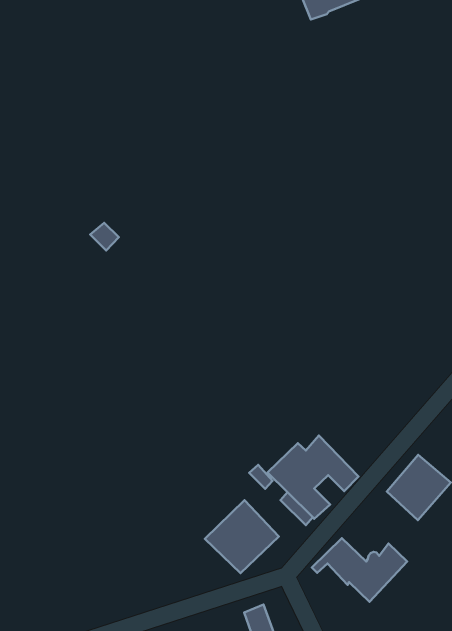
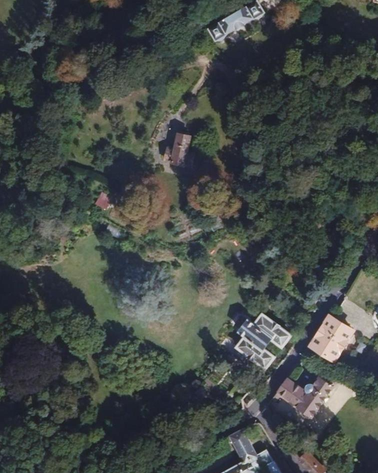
building: none -> [166,133,193,164]
building: [205,500,279,573] -> none

